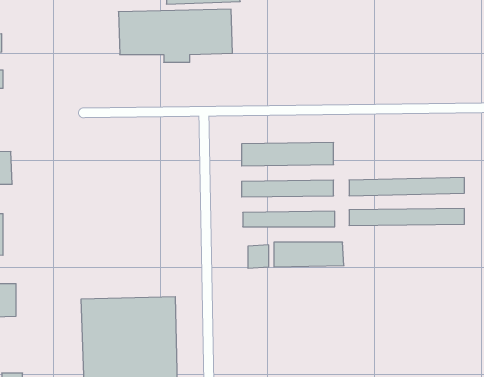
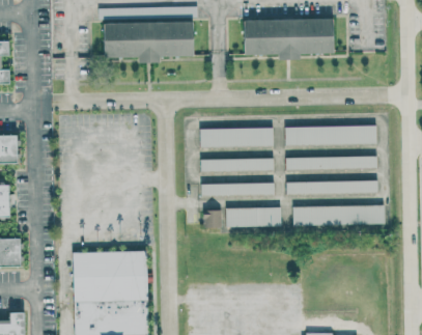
building: none -> [243,19,333,60]
building: none -> [286,125,378,145]
building: none -> [294,205,386,225]

